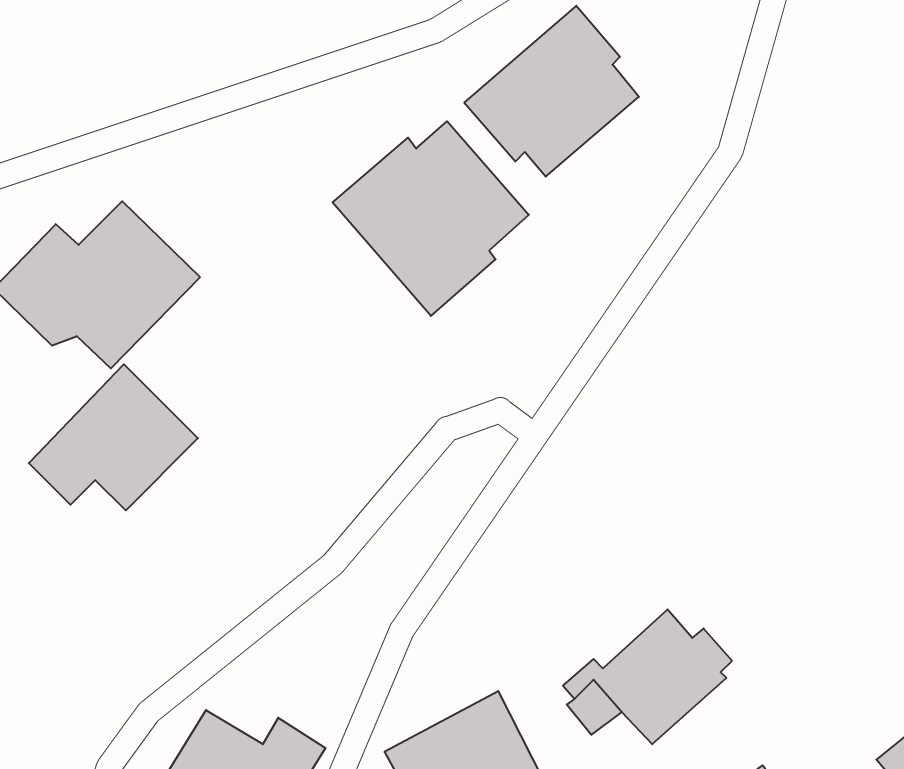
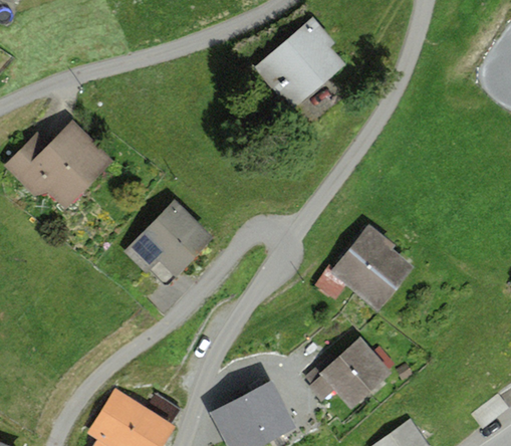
building: [333,121,529,316] -> none
building: [29,364,198,510] -> [123,200,213,277]
building: none -> [313,224,412,312]

